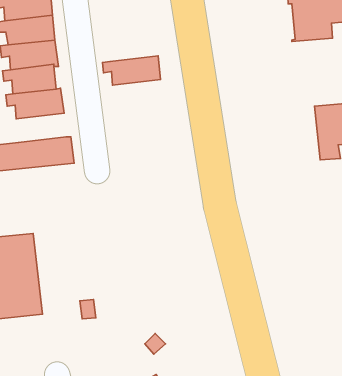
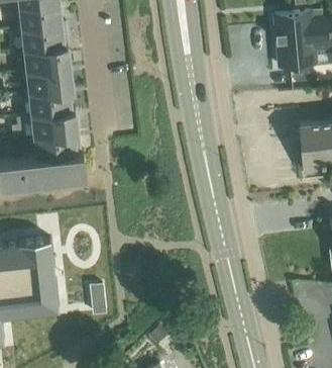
building: [102,56,160,85] -> [28,130,80,157]

